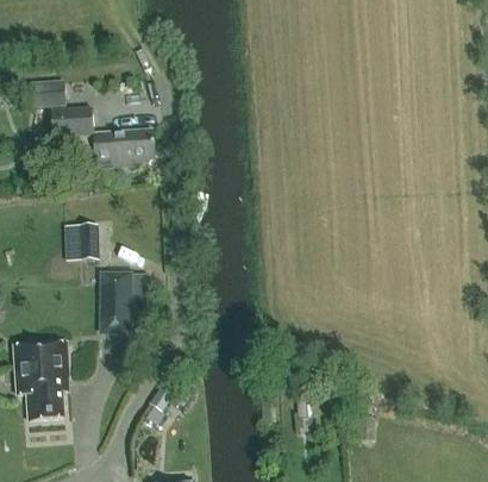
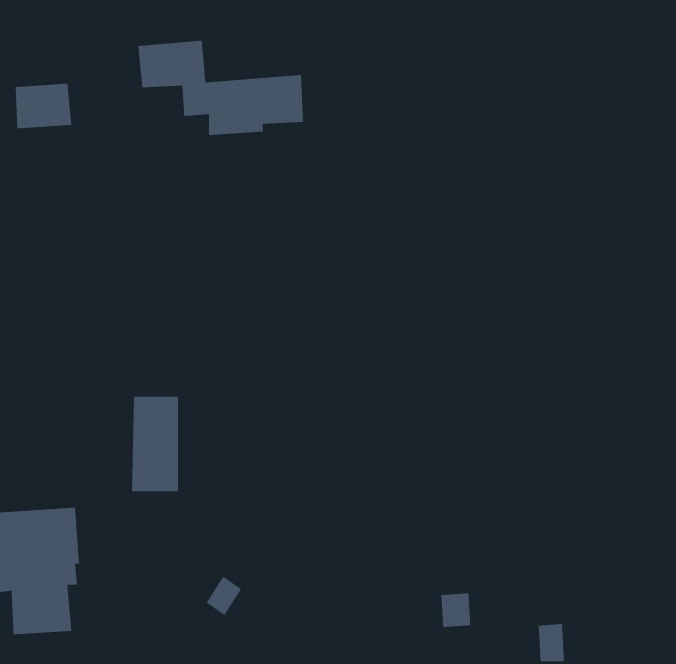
building: [49,106,152,165] -> [138,40,304,136]
building: [75,221,96,257] -> none

